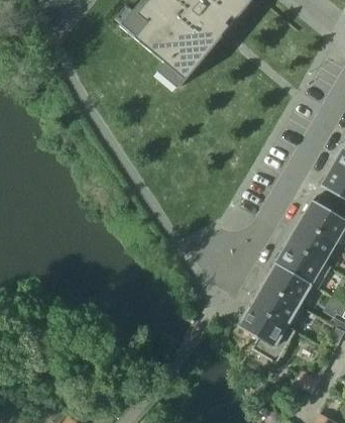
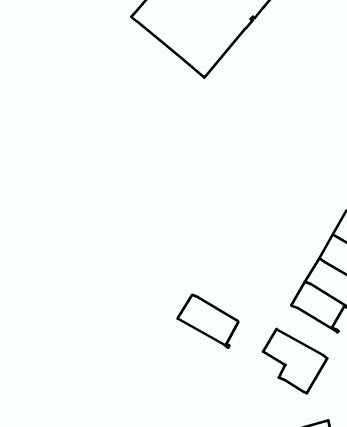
building: [249,285,304,332] -> [178,295,238,348]

